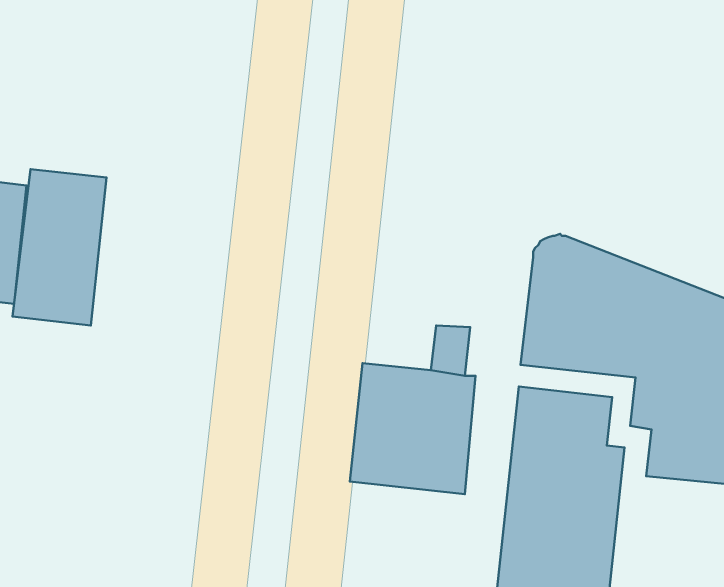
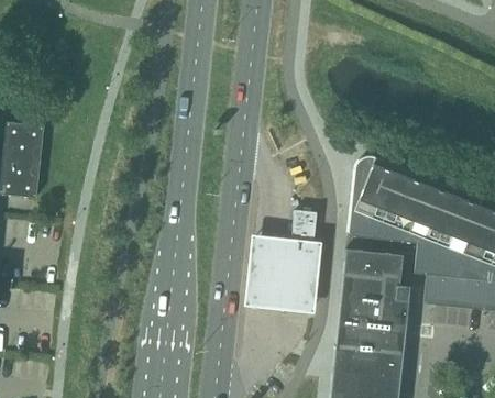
building: [13,169,107,325] -> none

